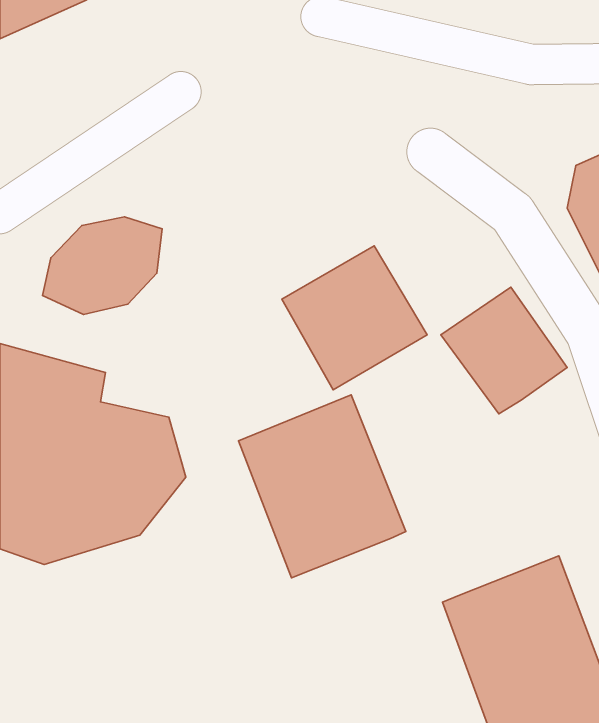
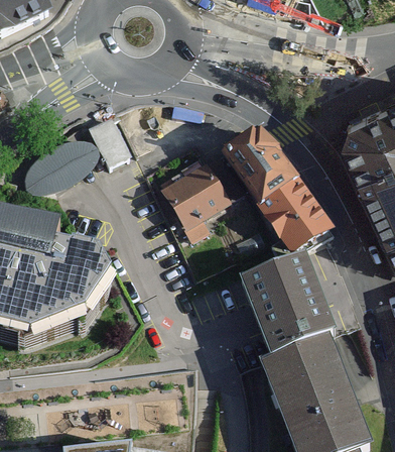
building: none -> [88,116,134,170]
building: none -> [222,129,301,209]
building: [238,395,406,578] -> [240,254,339,362]

